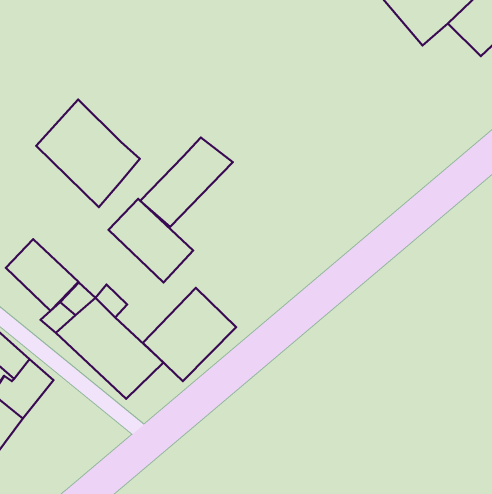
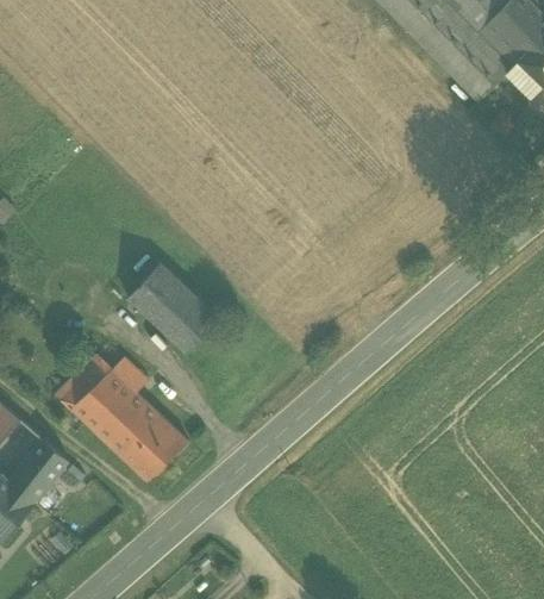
building: [36,99,140,207] -> none
building: [140,137,233,227] -> none
building: [6,239,78,311] -> none
building: [143,288,236,381] -> none

